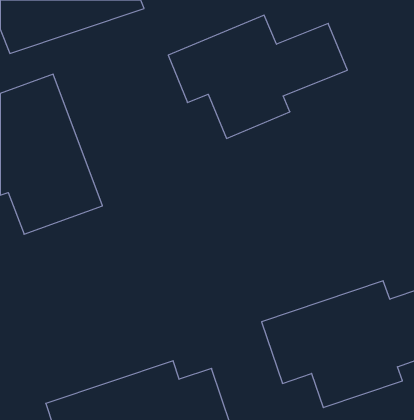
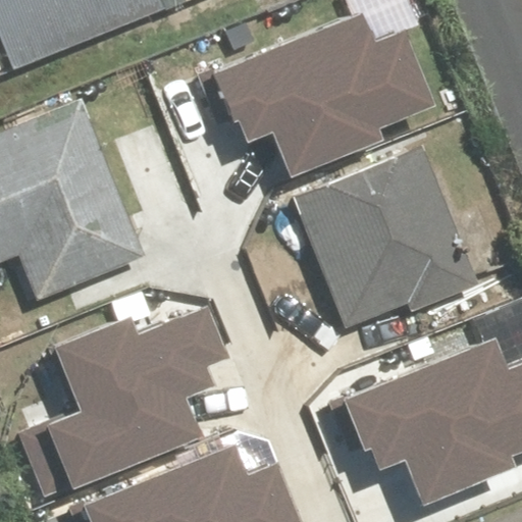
building: none -> [291,150,470,320]
building: none -> [44,308,234,474]

